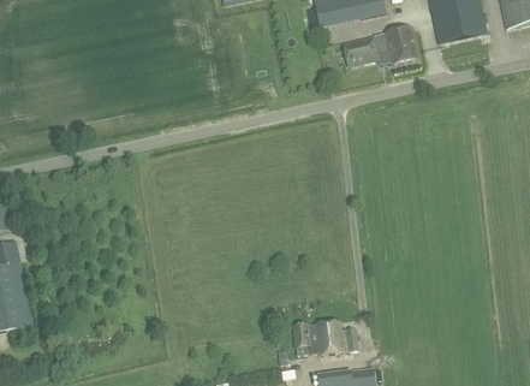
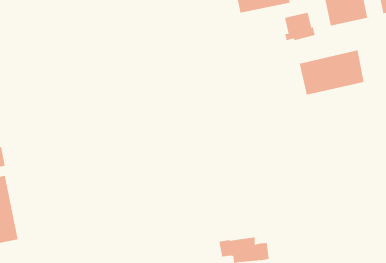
building: [345,34,383,65] -> none
building: none -> [299,50,364,96]

